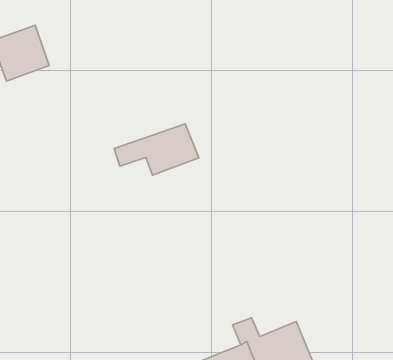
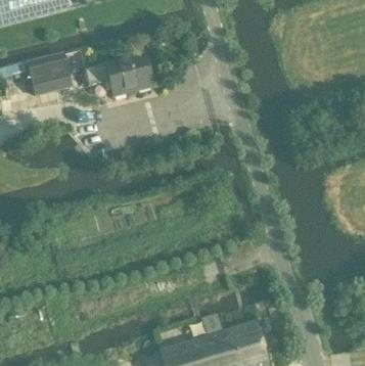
building: [114,124,199,175] -> [84,54,153,94]

